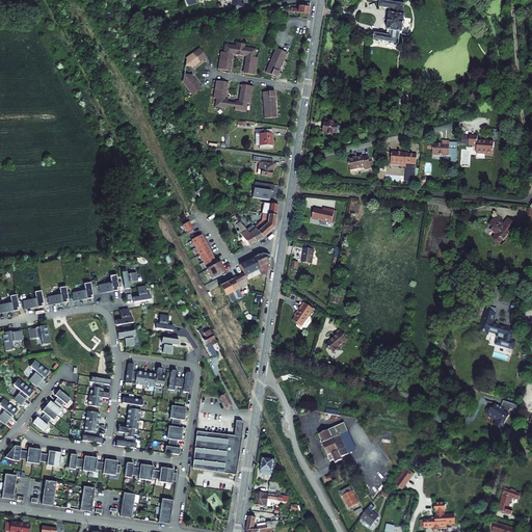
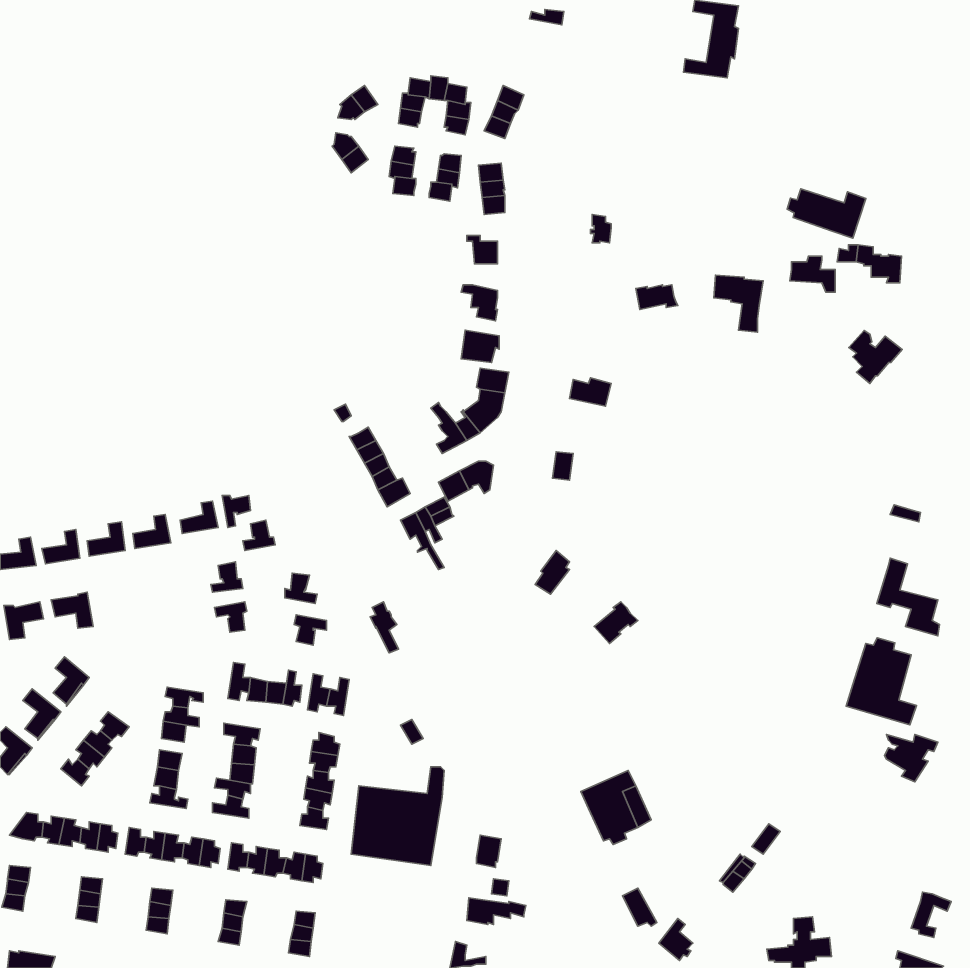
building: none -> [787,189,866,238]
building: [488,214,517,243] -> [849,330,902,384]
building: none -> [846,638,917,725]

